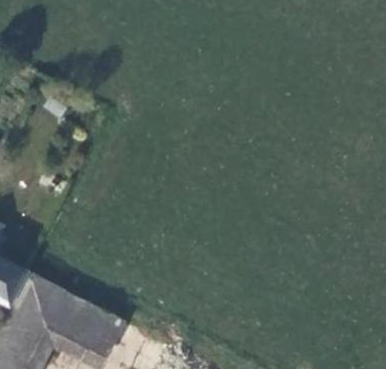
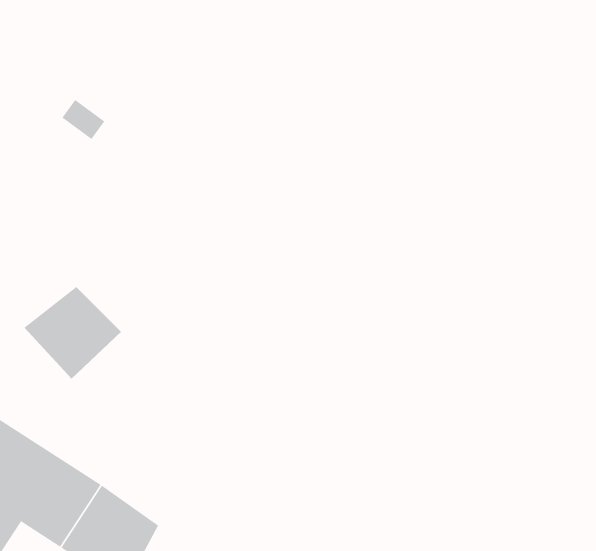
building: none -> [23,286,122,379]

